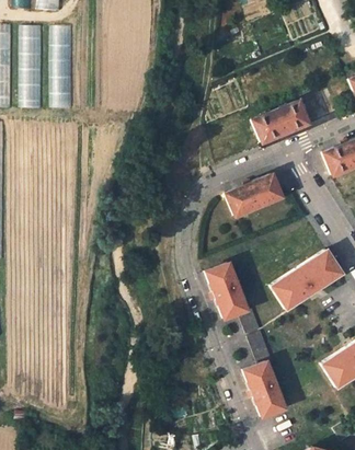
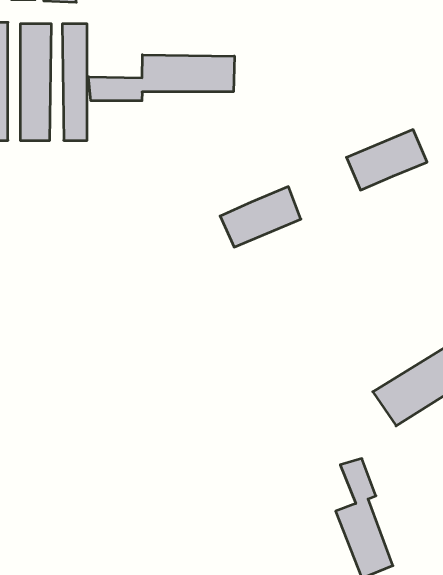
building: none -> [89,55,234,101]
building: [226,174,283,217] -> [220,187,301,247]
building: [207,263,261,334] -> none

